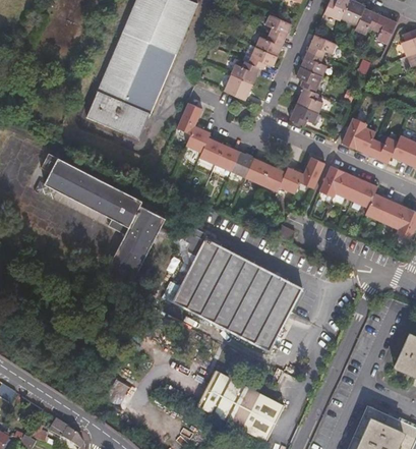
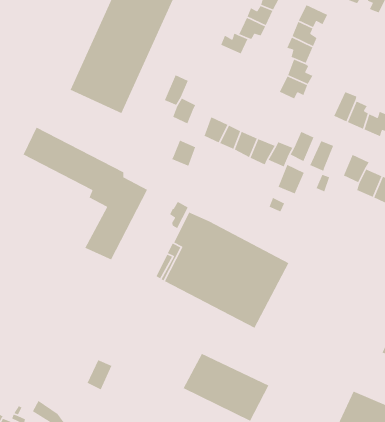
building: [226,73,253,99] -> none
building: [199,135,224,162] -> [171,140,196,167]
building: [335,171,361,201] -> [278,164,305,194]

